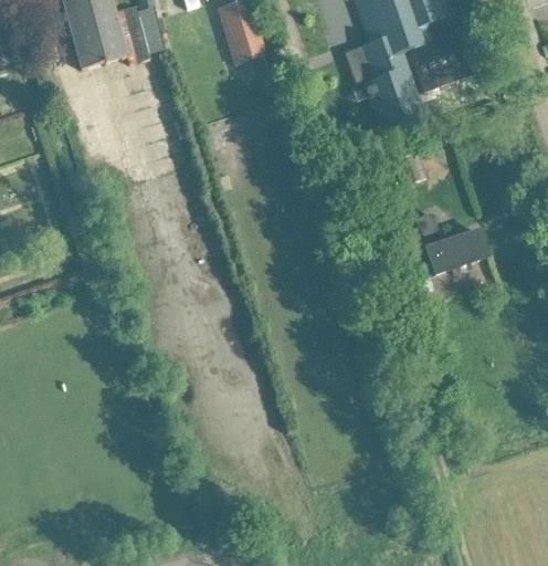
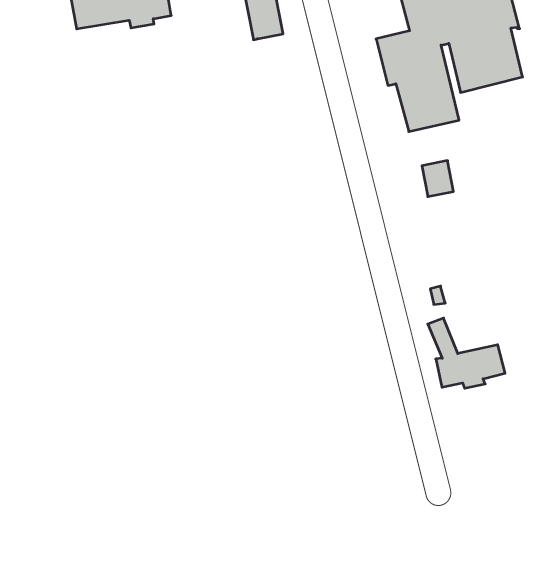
building: [414,210,486,271] -> [428,318,505,388]

